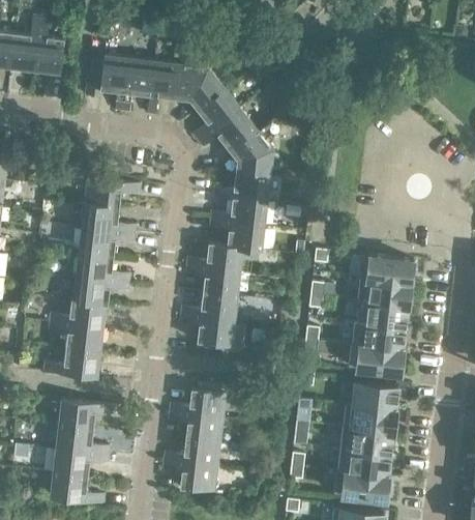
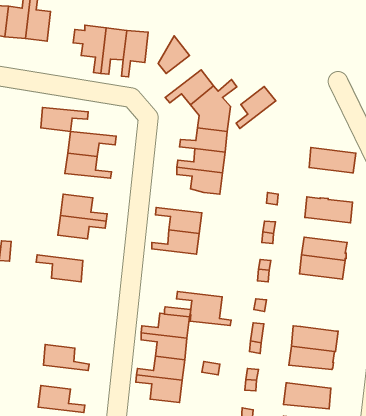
building: [174,46,208,100] -> none
building: [194,91,239,140] -> [236,87,276,129]
building: [80,228,135,256] -> [41,107,88,132]
building: [187,243,242,273] -> none
building: [358,279,412,308] -> [309,148,356,173]
building: [50,299,108,328] -> none
building: [181,315,244,354] -> [177,292,231,326]
building: [349,344,404,374] -> none
building: [44,349,100,378] -> none
building: [354,382,398,410] -> none
building: [59,400,114,430] -> none
building: [54,450,109,478] -> none
building: [338,450,390,476] -> none

